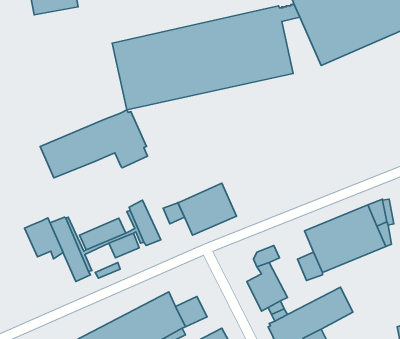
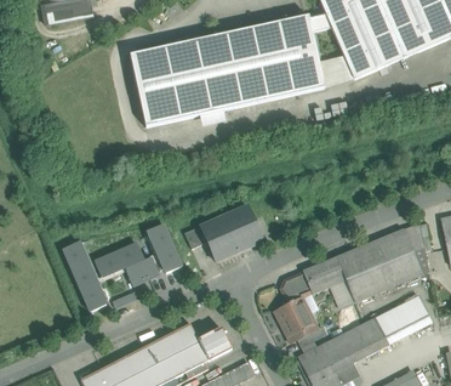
building: [40,110,148,178] -> none
building: [24,218,63,259] -> none
building: none -> [302,256,346,293]
building: none -> [375,295,432,344]

